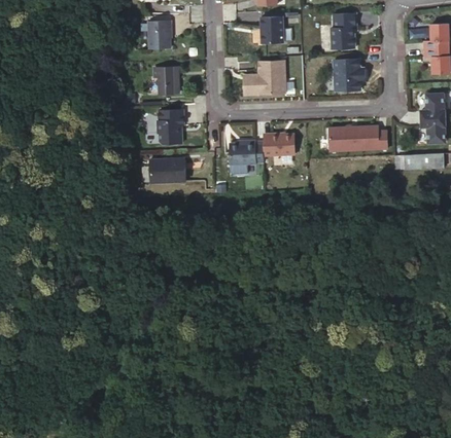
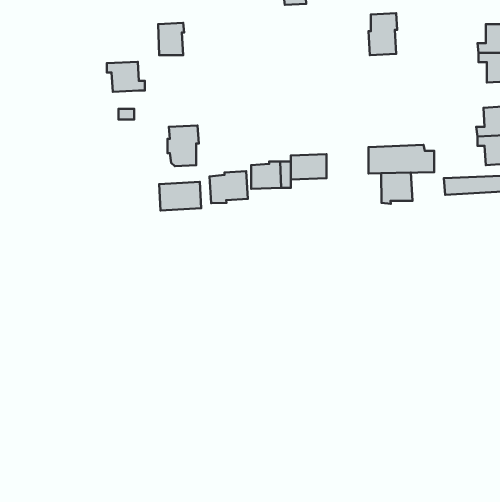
building: [261,17,283,43] -> none
building: [333,60,363,92] -> none
building: [243,61,285,96] -> none
building: [150,69,183,95] -> [107,62,145,92]
building: none -> [210,171,248,203]
building: none -> [381,173,412,204]

